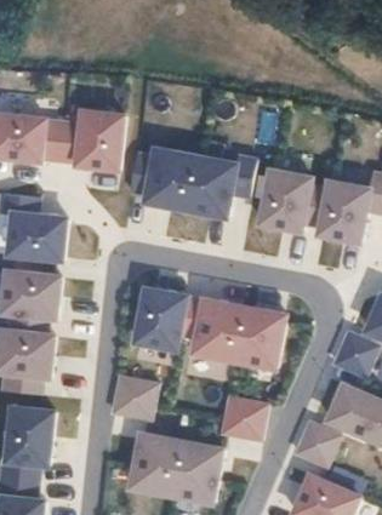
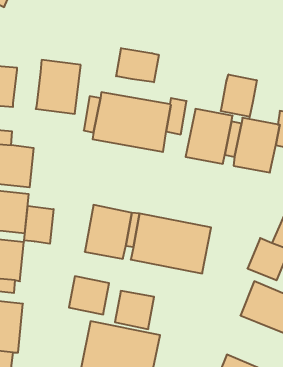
building: none -> [116,48,159,82]
building: [41,119,75,164] -> none
building: none -> [221,74,257,117]
building: none -> [24,206,54,244]
building: [221,395,269,442] -> [115,291,154,329]
building: [292,417,343,469] -> none

